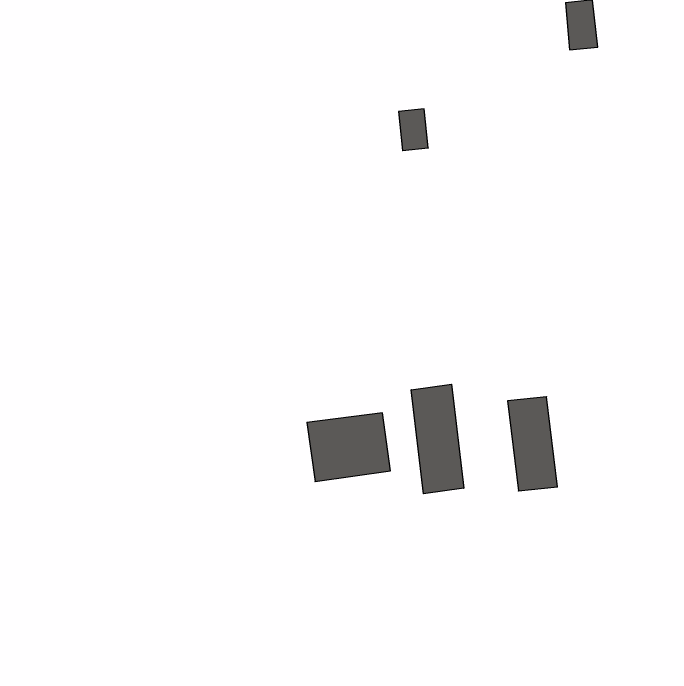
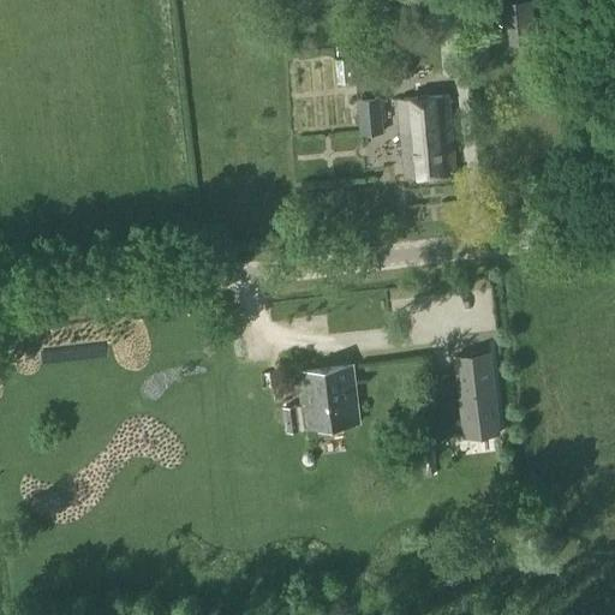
building: none -> [400,97,458,179]
building: [411,384,464,494] -> none

